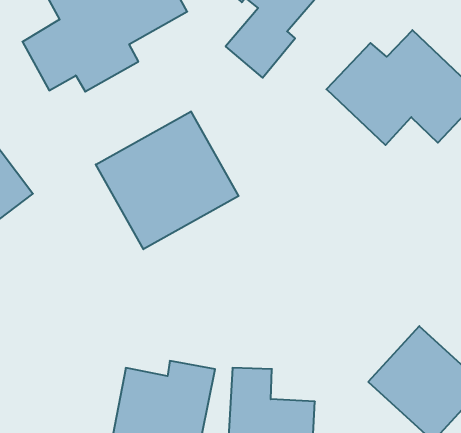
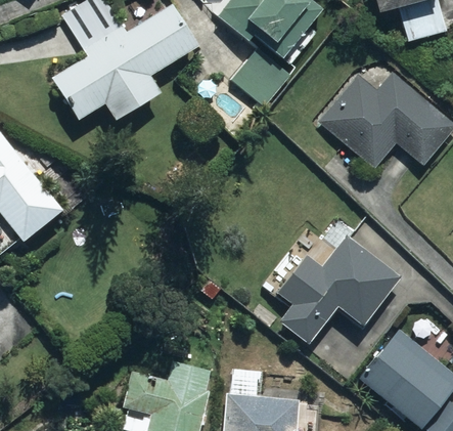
building: [96,111,239,249] -> none
building: none -> [273,232,401,344]

